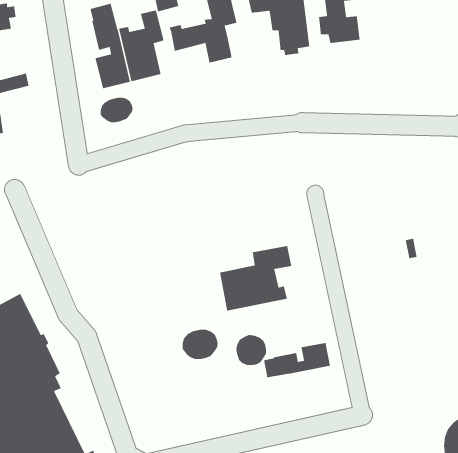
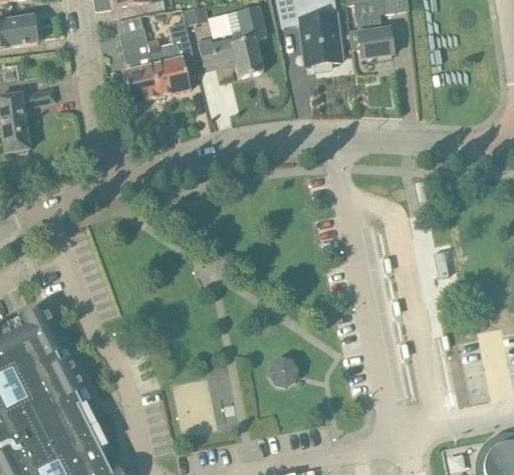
building: [100,97,133,123] -> none
building: [219,245,292,311] -> none
building: [182,329,218,360] -> none
building: [263,342,331,378] -> none

